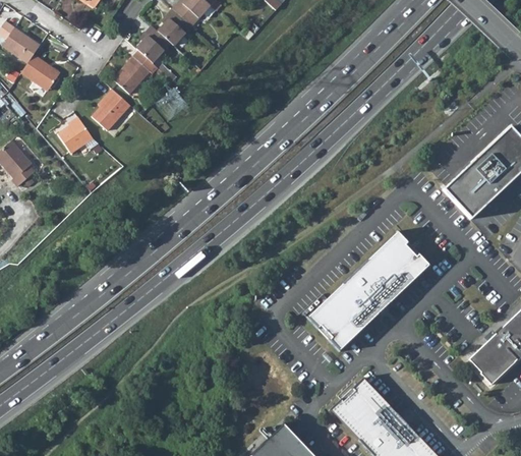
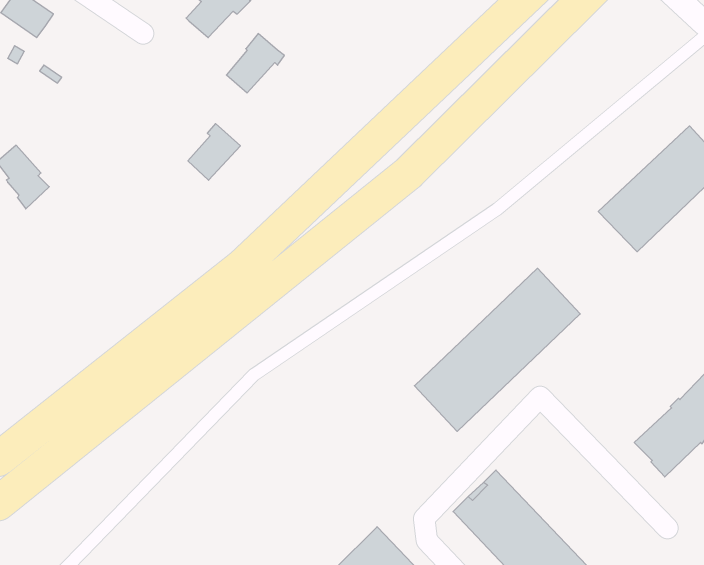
building: [116,50,159,94] -> [226,34,284,93]
building: [21,54,59,89] -> none
building: [95,89,133,130] -> [188,124,240,180]
building: [61,117,95,153] -> none

